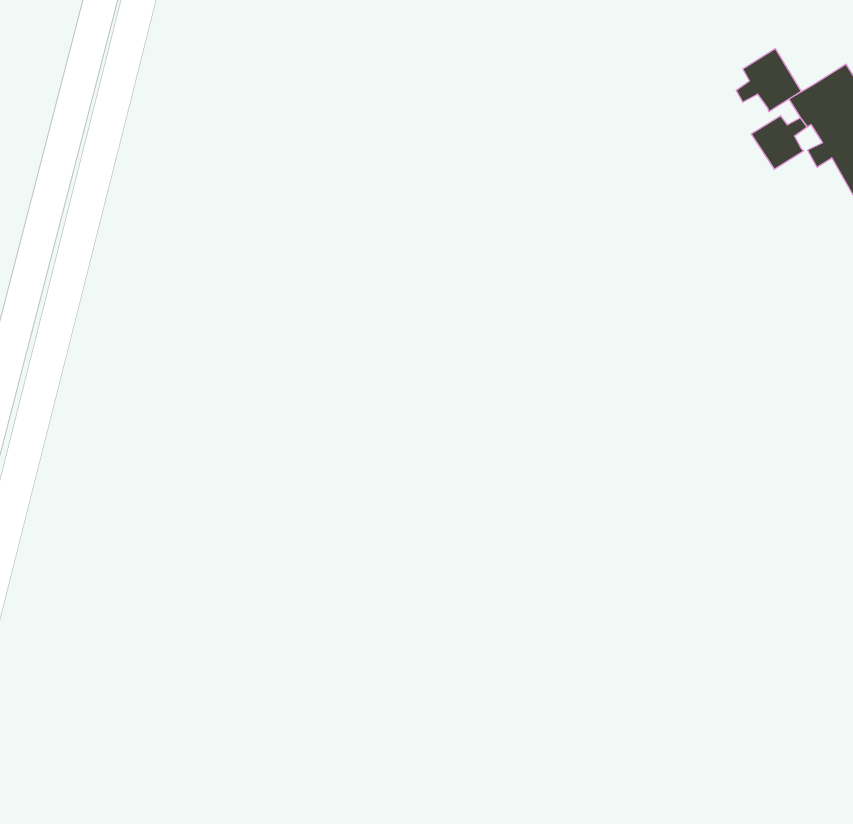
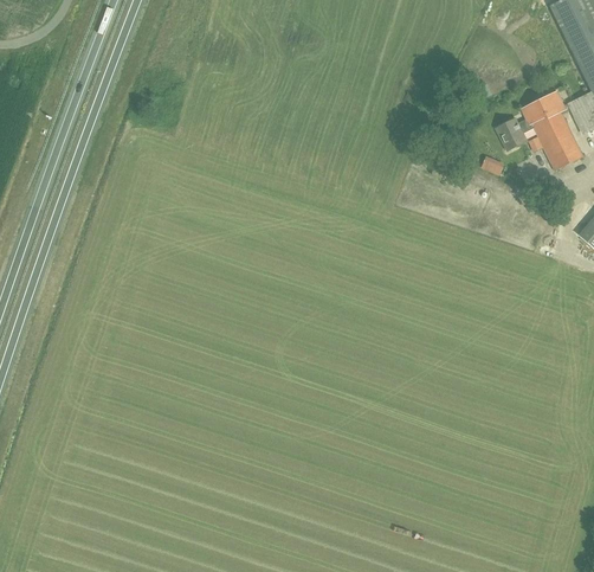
building: [736,49,801,112] -> none

